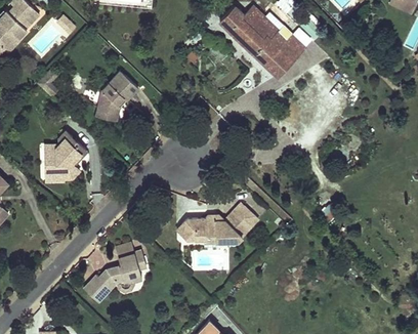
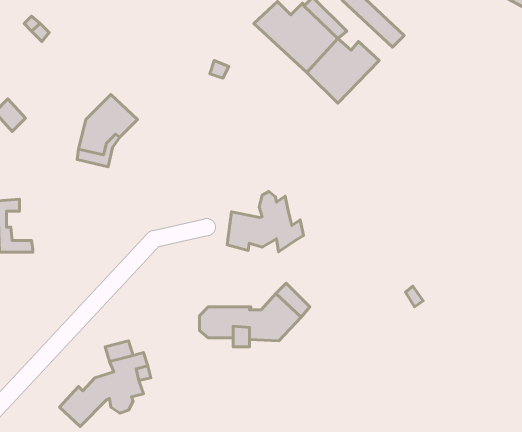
building: [46,131,87,179] -> none
building: none -> [227,192,303,252]

